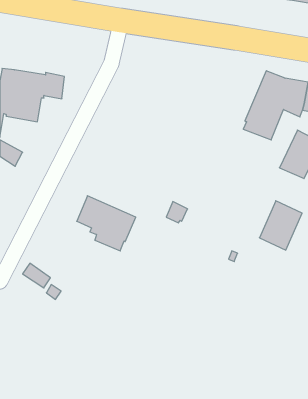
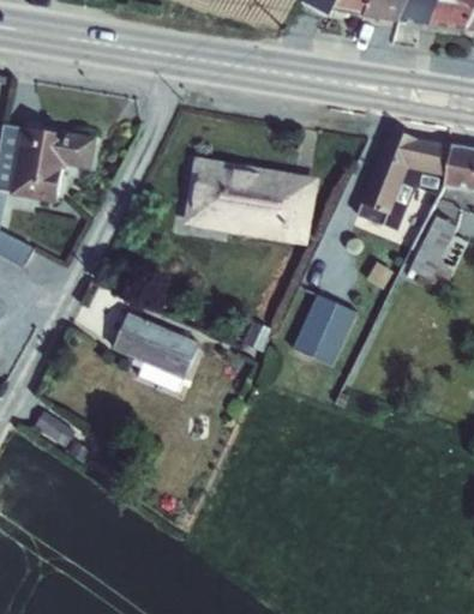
building: none -> [184,156,316,242]
building: [259,201,302,250] -> [294,293,356,365]

